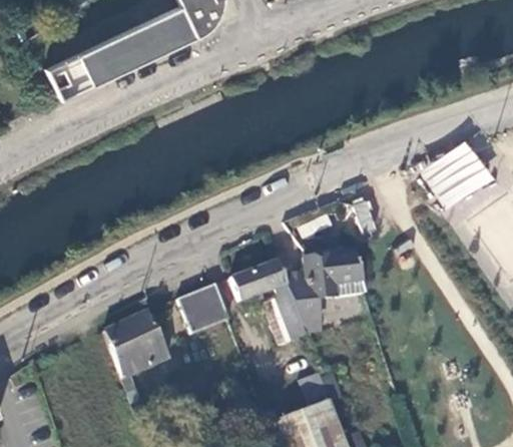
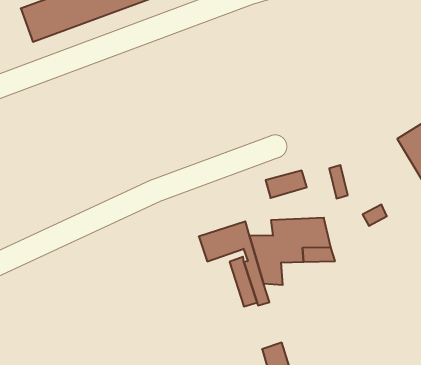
building: [180,284,232,334] -> none
building: [106,311,170,393] -> none

